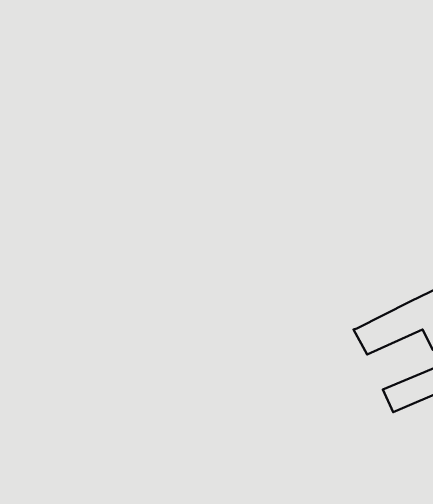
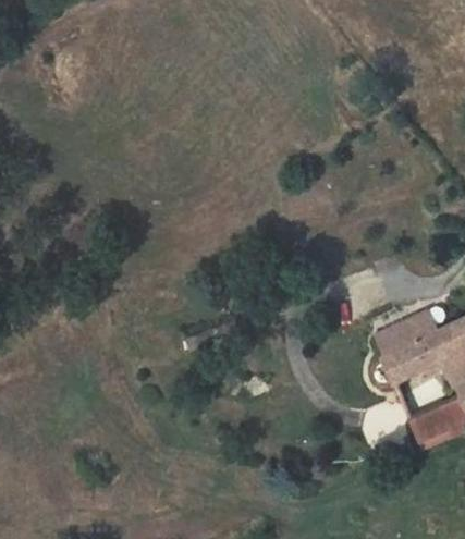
building: none -> [375,317,437,363]

